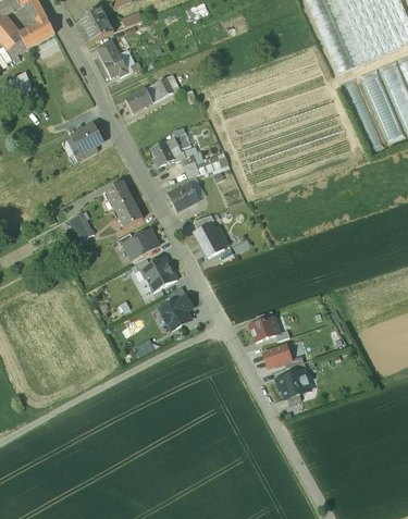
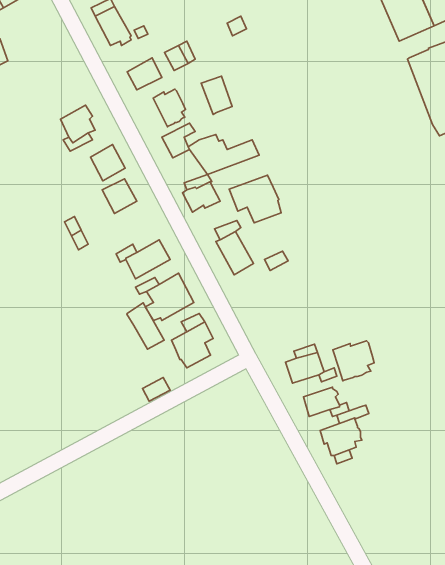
building: none -> [201,76,232,115]
building: none -> [153,89,186,127]
building: none -> [229,175,281,223]
building: [115,199,143,227] -> [90,145,125,181]
building: none -> [127,303,164,349]
building: none -> [333,341,374,381]

